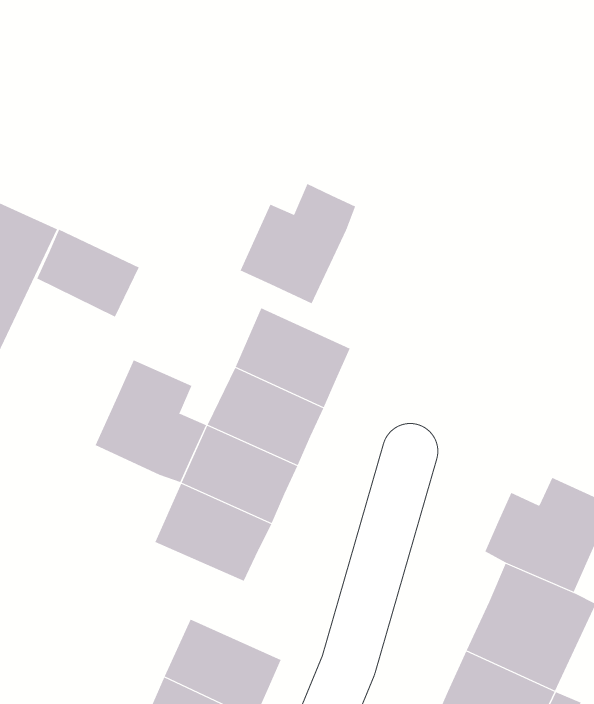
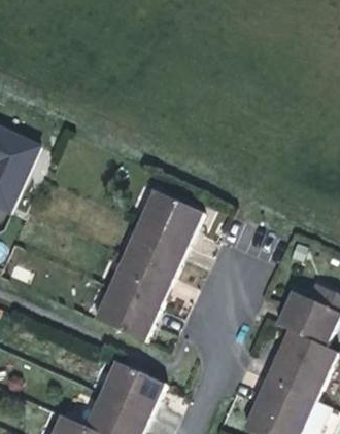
building: [240,183,356,304] -> none
building: [36,229,140,317] -> none
building: [95,360,207,483] -> none

